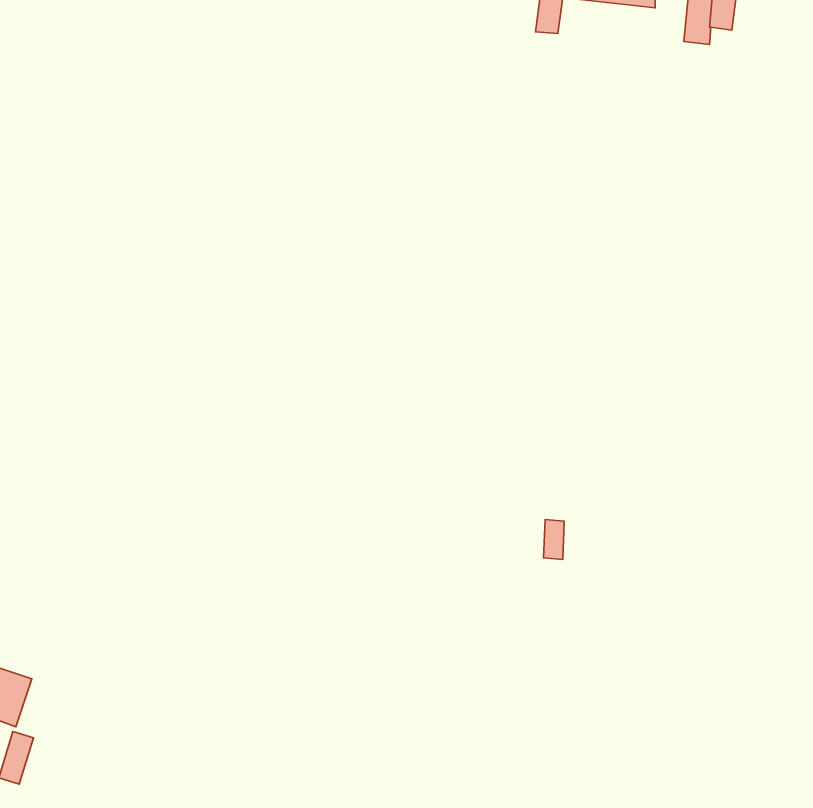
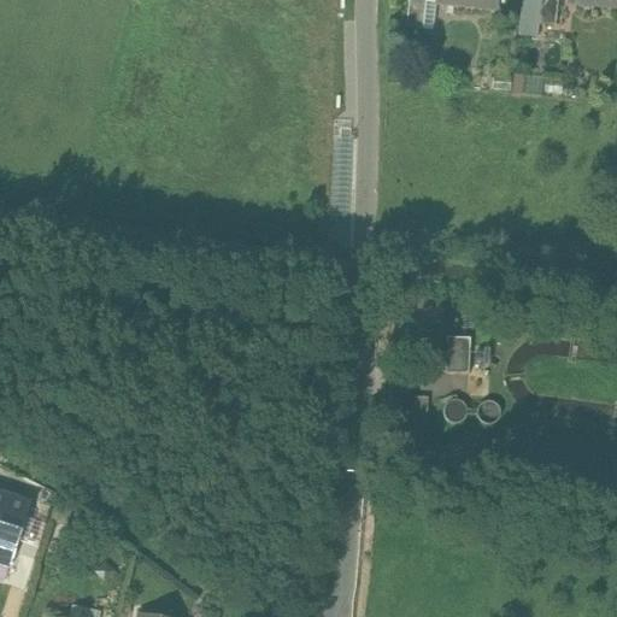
building: none -> [445,334,469,371]

